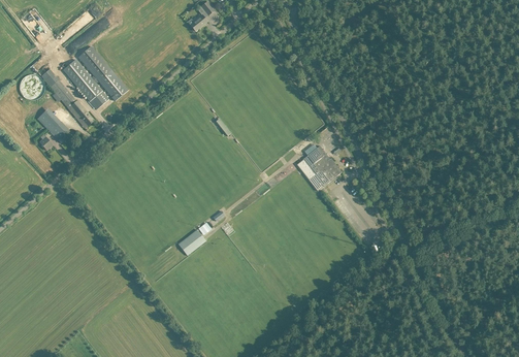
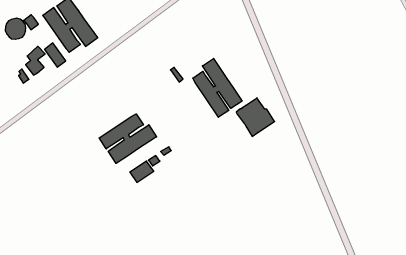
building: none -> [193,58,242,117]
building: none -> [99,114,157,163]

